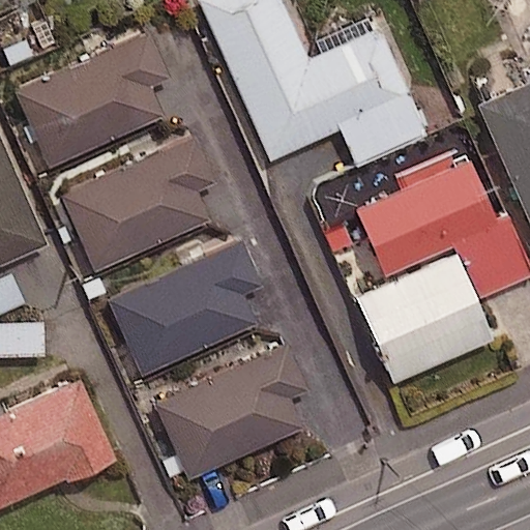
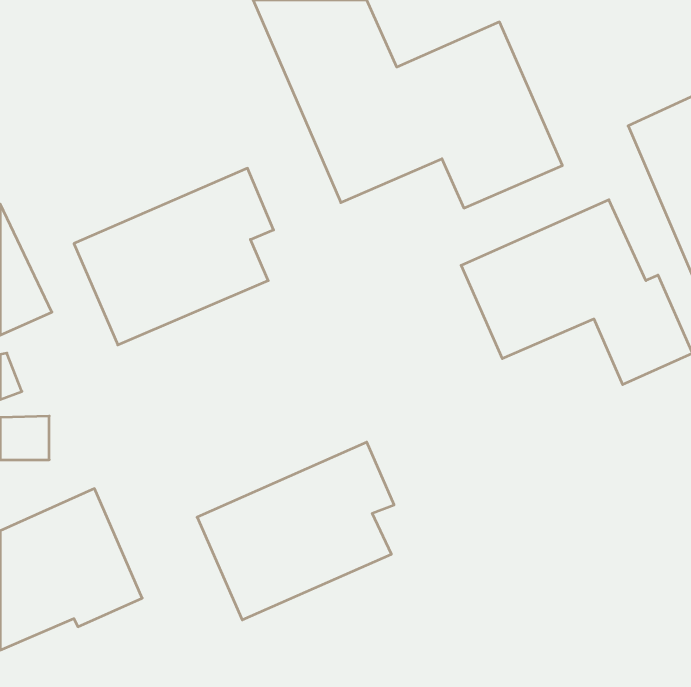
building: [17,35,166,167] -> none
building: [111,243,257,375] -> none
building: [355,251,494,382] -> none

